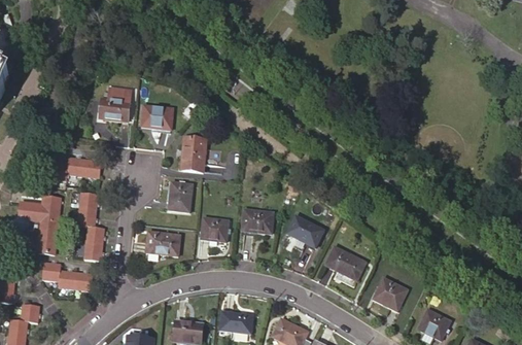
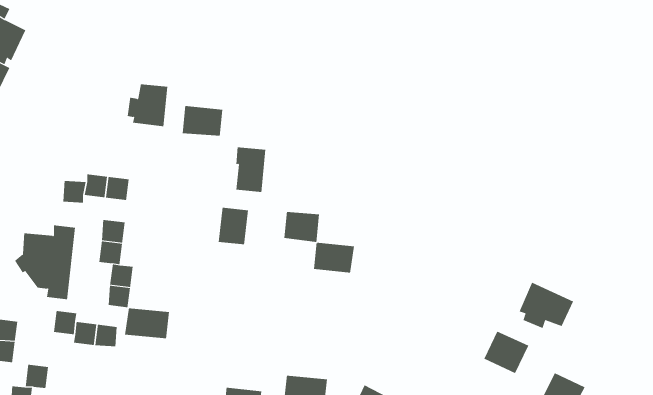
building: [283,215,323,249] -> none
building: [201,217,229,241] -> [284,211,320,242]
building: [145,232,180,255] -> [124,308,170,339]
building: none -> [519,282,574,329]
building: [325,246,366,279] -> none

